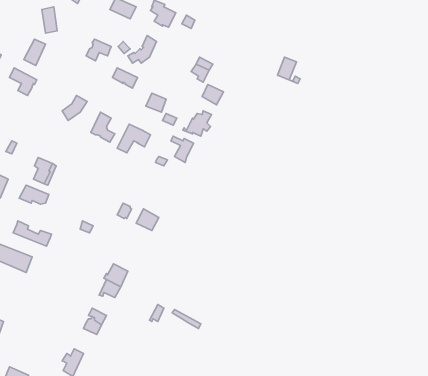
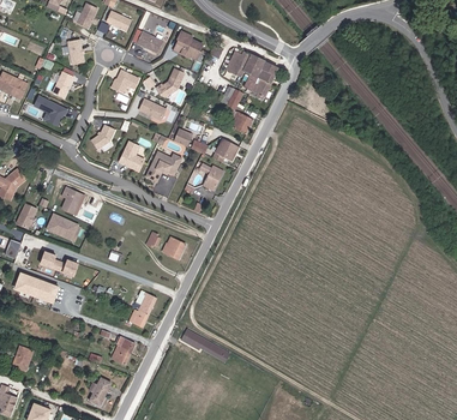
building: none -> [224,50,276,102]

